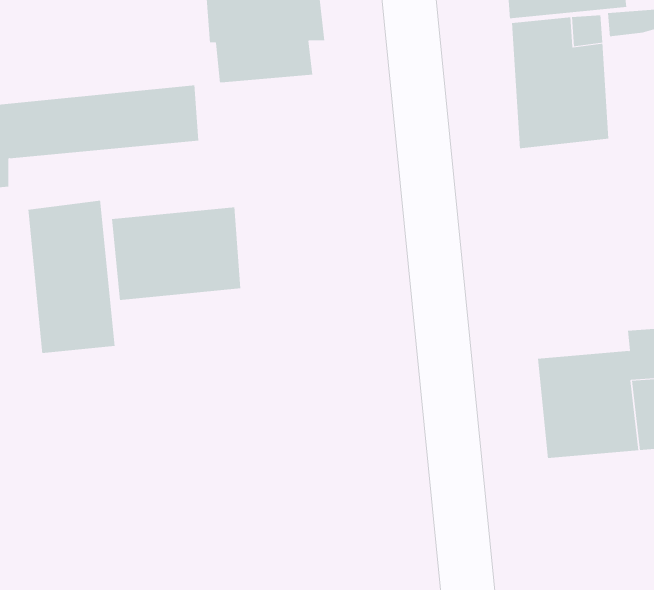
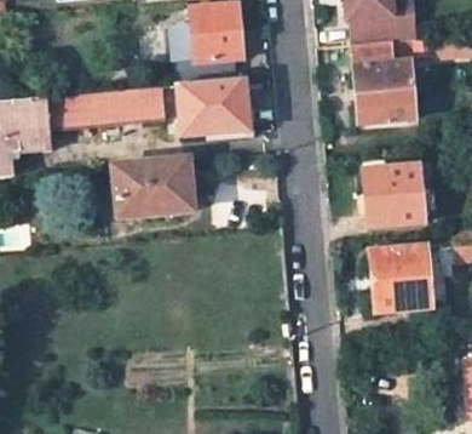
building: none -> [179,79,248,136]
building: [28,200,115,354] -> none
building: none -> [363,166,422,227]

